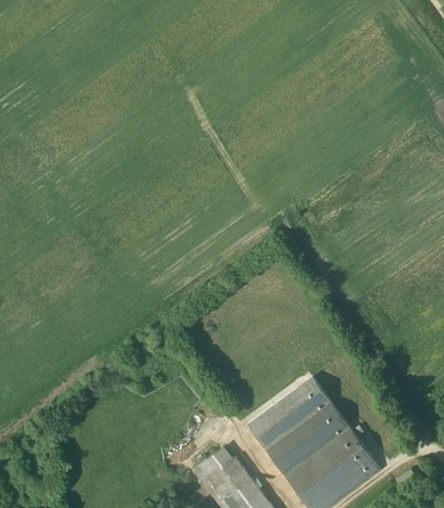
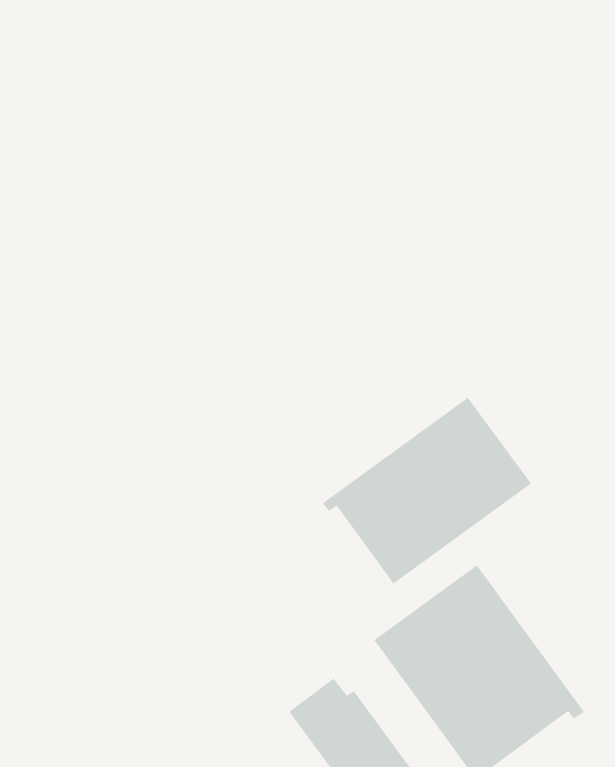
building: none -> [322,397,532,585]

